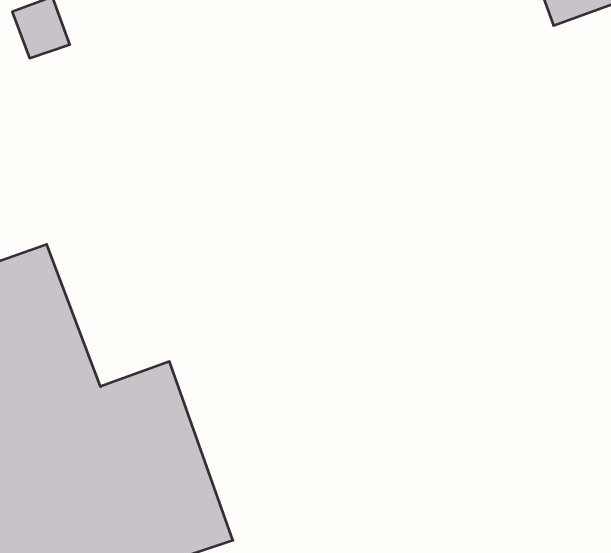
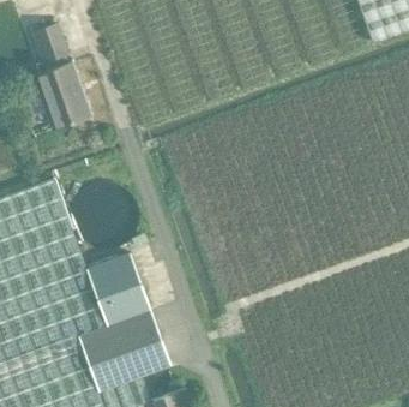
building: none -> [35,64,90,128]

